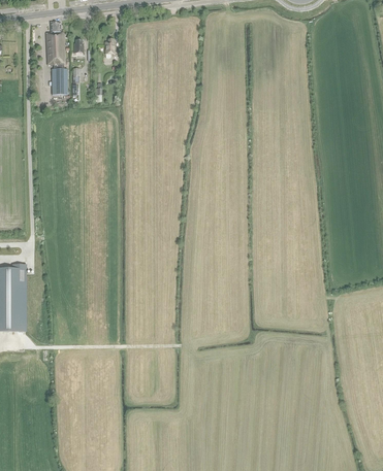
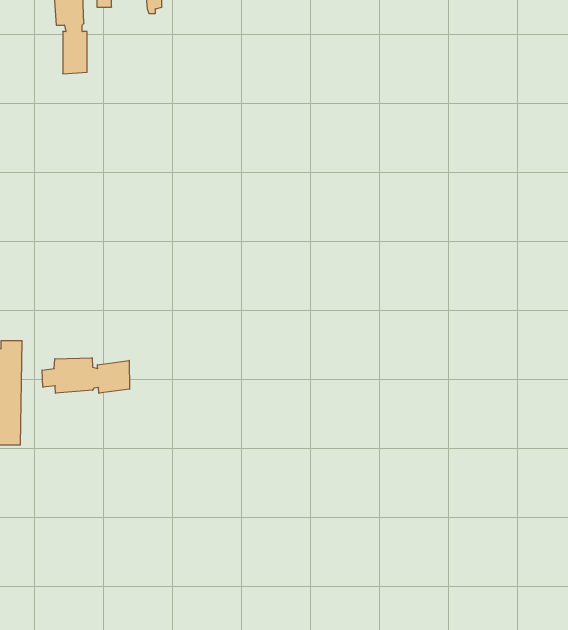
building: none -> [42,358,130,393]

